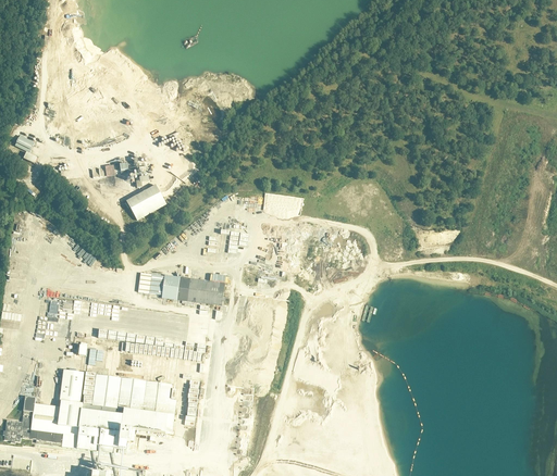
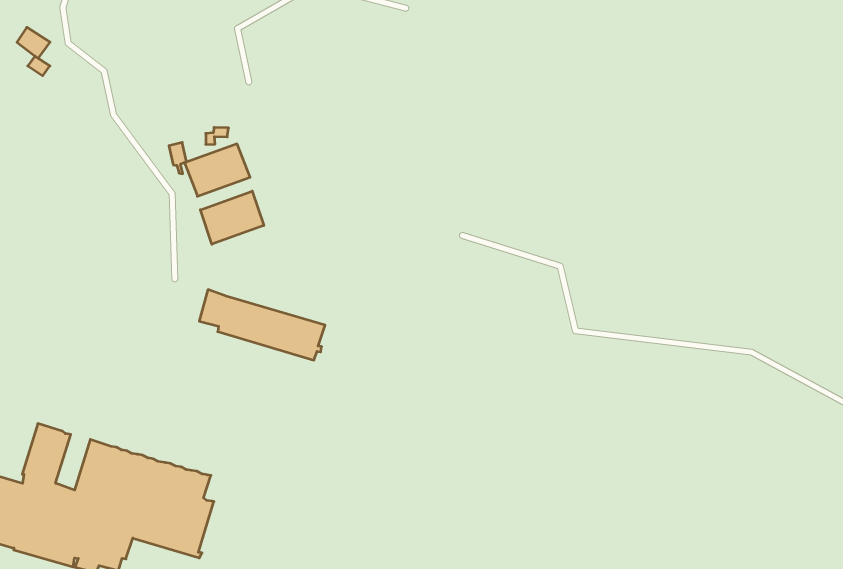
building: none -> [200,191,264,244]

